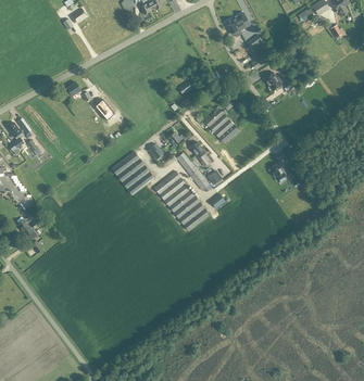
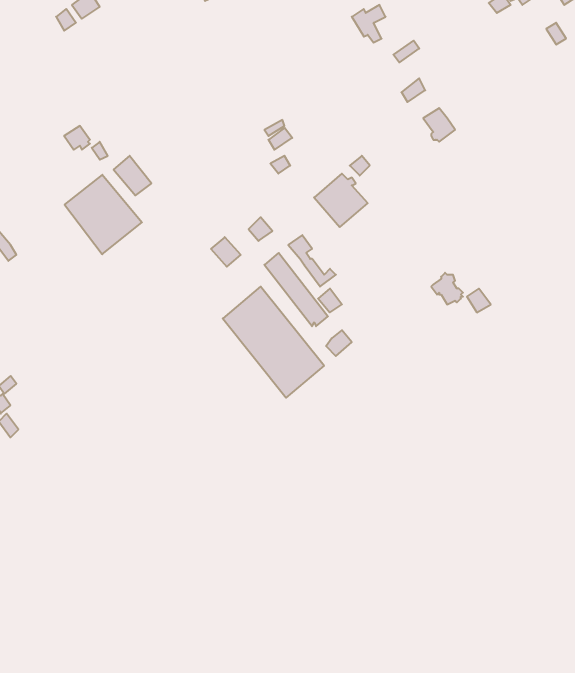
building: [111,151,153,194] -> [65,175,142,254]

